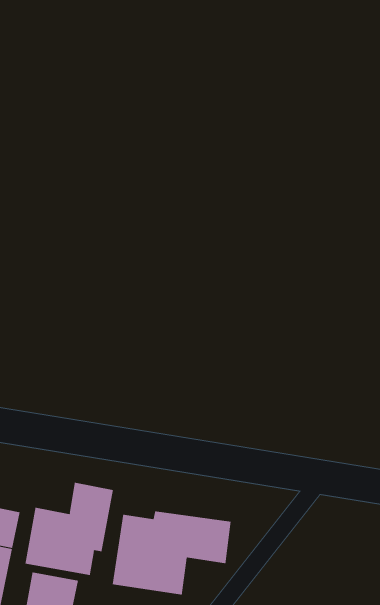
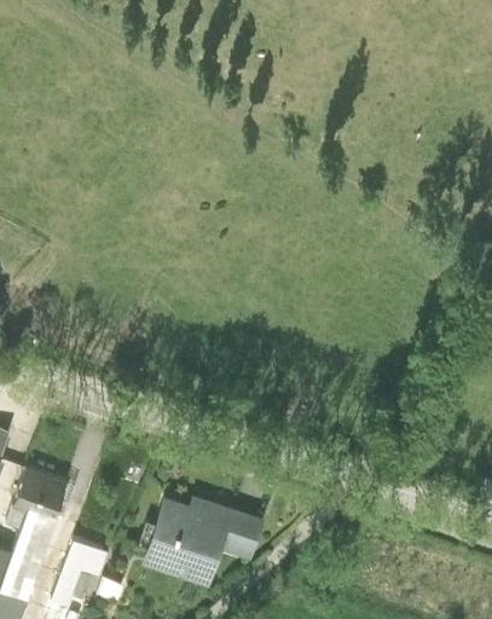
building: [25,482,114,576] -> none

